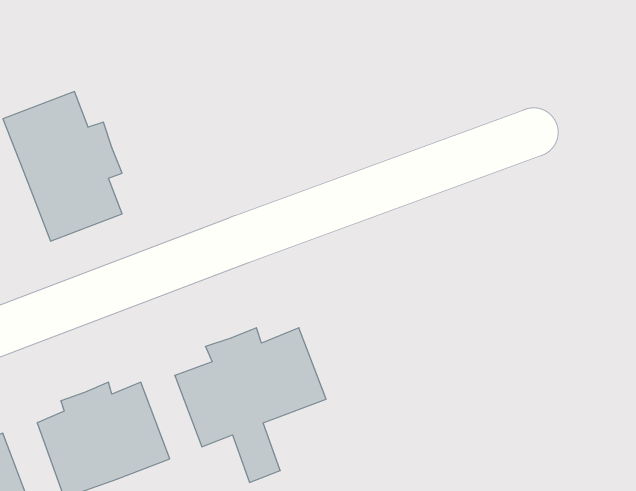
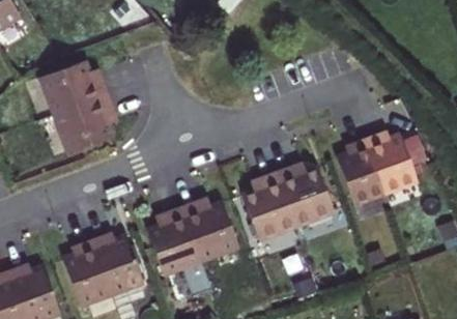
building: none -> [336,134,417,204]
building: none -> [241,166,334,238]

